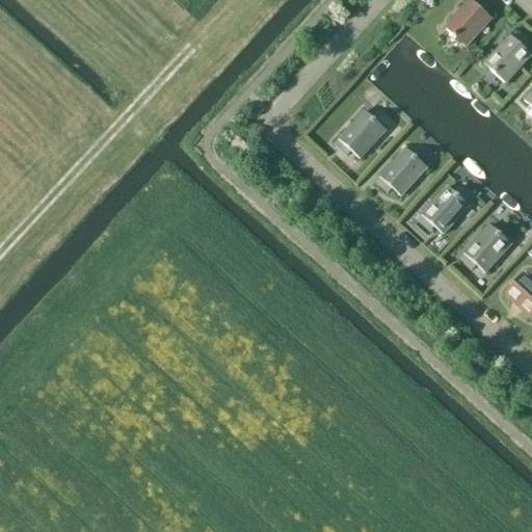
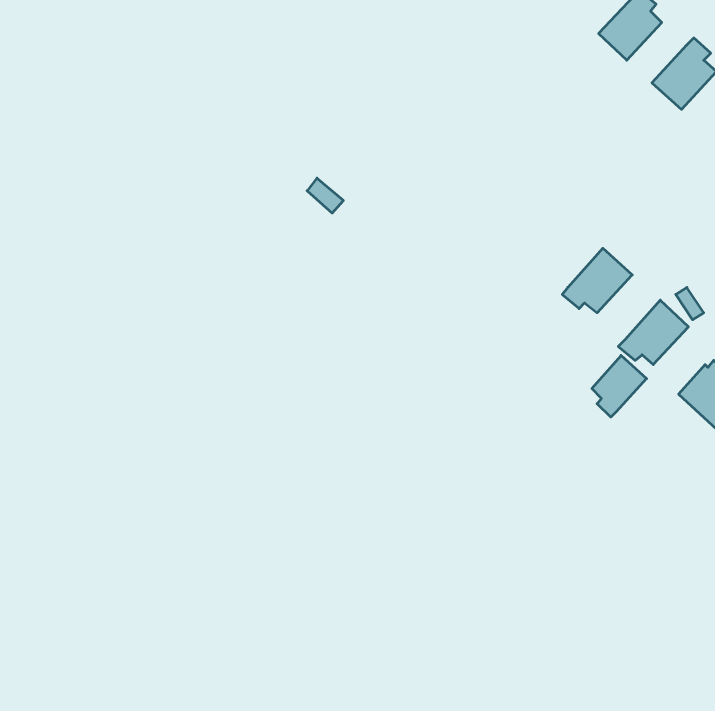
building: [335,108,387,157] -> none
building: [375,145,427,194] -> none
building: none -> [592,355,647,417]

